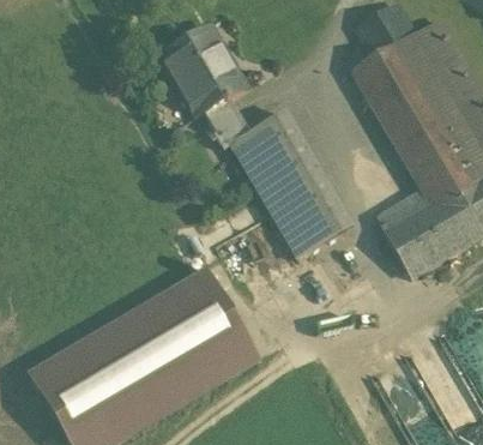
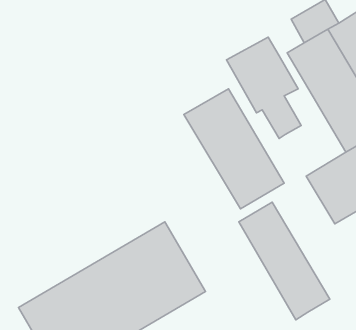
building: [156,25,246,148] -> [226,37,301,139]
building: none -> [239,202,330,320]

